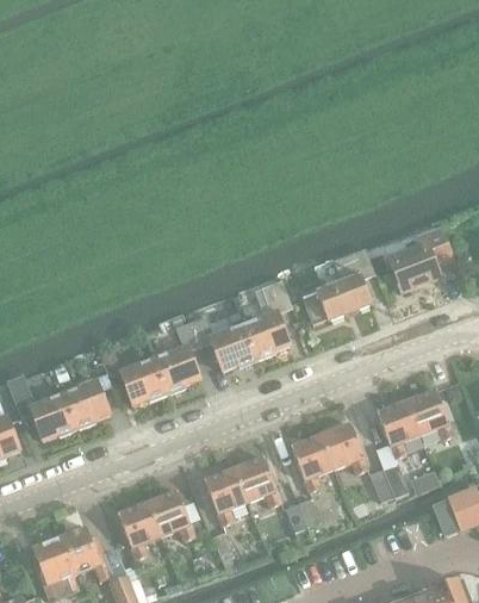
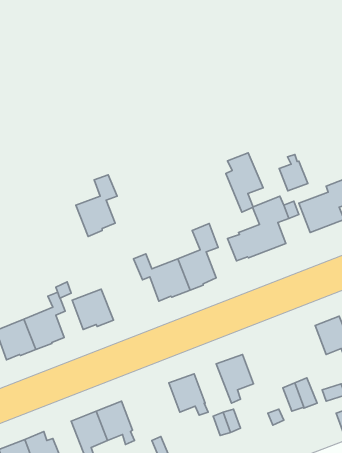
building: none -> [226,153,263,212]
building: none -> [279,154,308,191]
building: [154,322,203,394] -> [76,175,117,236]
building: [377,400,419,459] -> none
building: [321,423,367,473] -> none
building: [204,468,247,526] -> none

